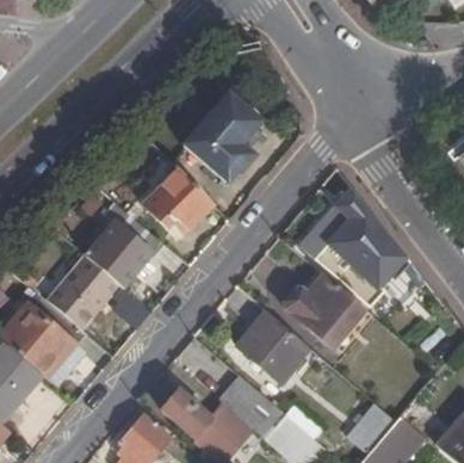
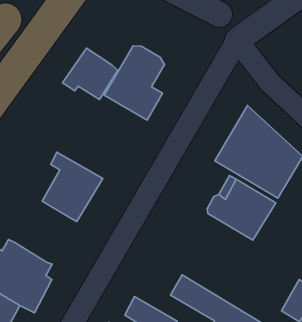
building: [144,172,212,235] -> [62,48,118,99]
building: [48,255,119,331] -> none
building: [236,310,308,382] -> none

